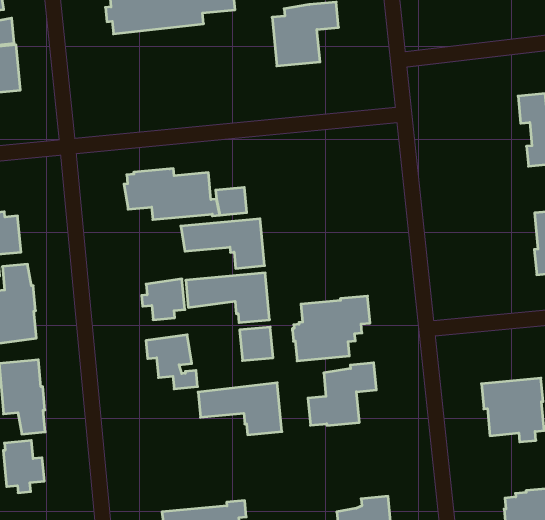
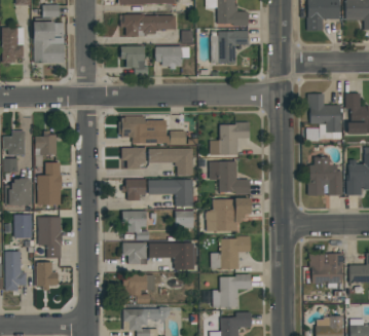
building: none -> [155,46,190,70]
building: none -> [120,46,145,70]
building: none -> [307,94,341,139]
building: none -> [210,122,249,155]
building: none -> [307,156,342,196]
building: none -> [121,148,145,170]
building: none -> [209,161,250,194]
building: none -> [122,242,147,264]
building: none -> [213,274,251,307]
building: none -> [123,274,154,303]

